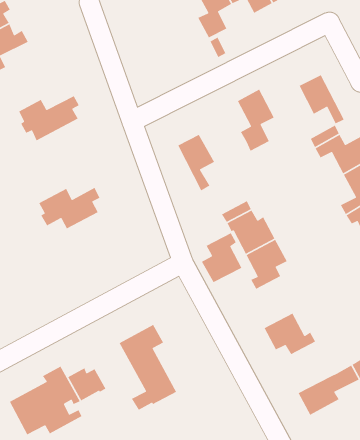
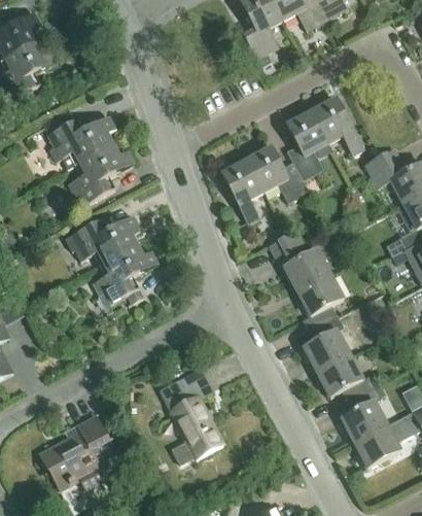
building: [298,74,345,124] -> [311,98,361,152]
building: none -> [68,143,134,204]
building: none -> [245,146,307,201]
building: none -> [91,245,156,305]
building: [201,232,243,283] -> [302,315,347,371]
building: none -> [340,386,388,442]
building: [67,367,107,402] -> none

